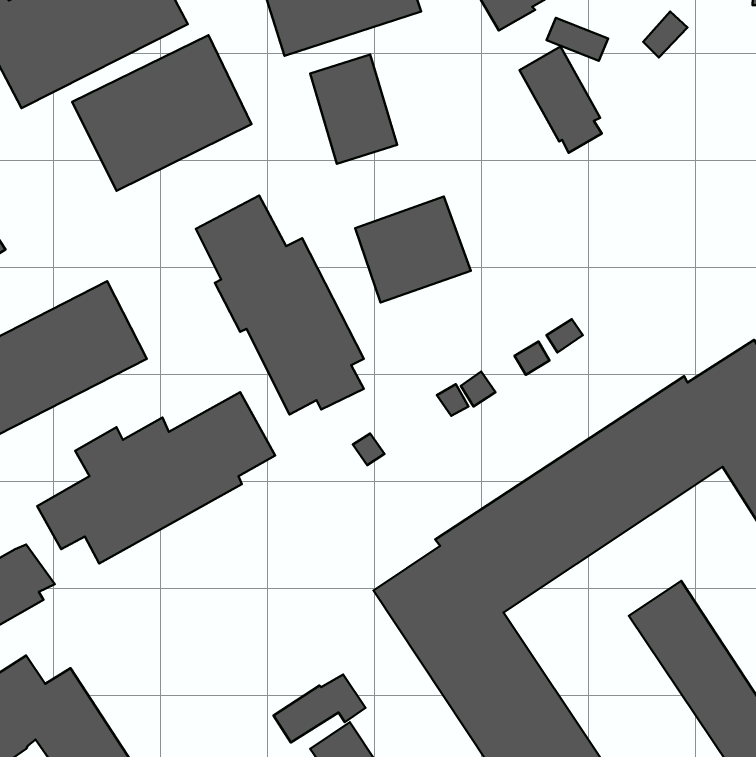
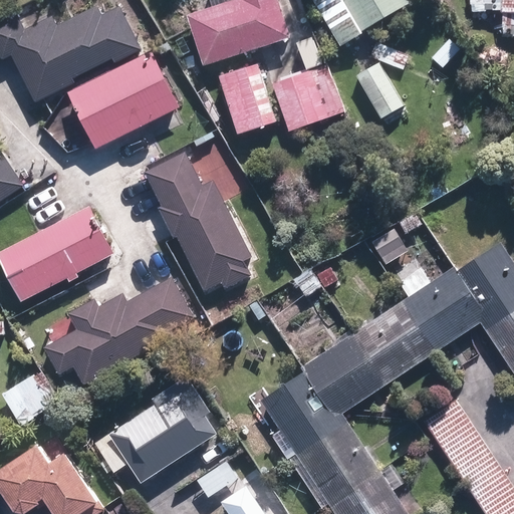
building: [355,196,471,303] -> [269,63,342,131]
building: none -> [91,376,214,484]

